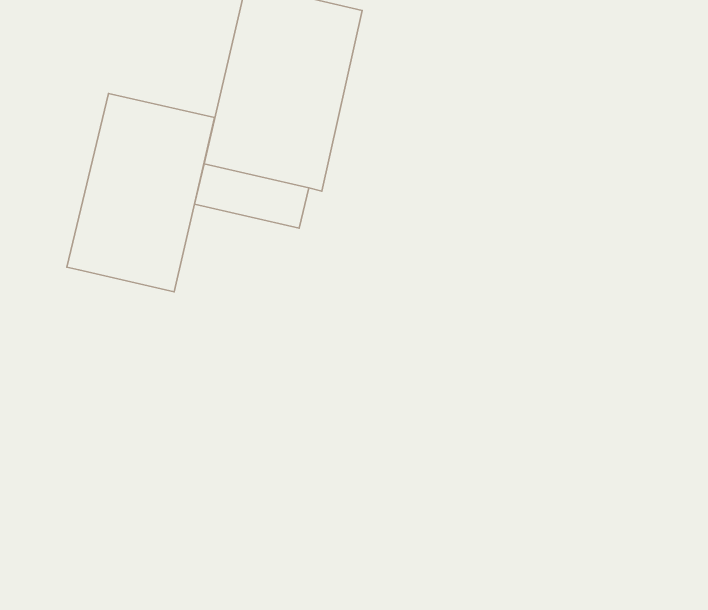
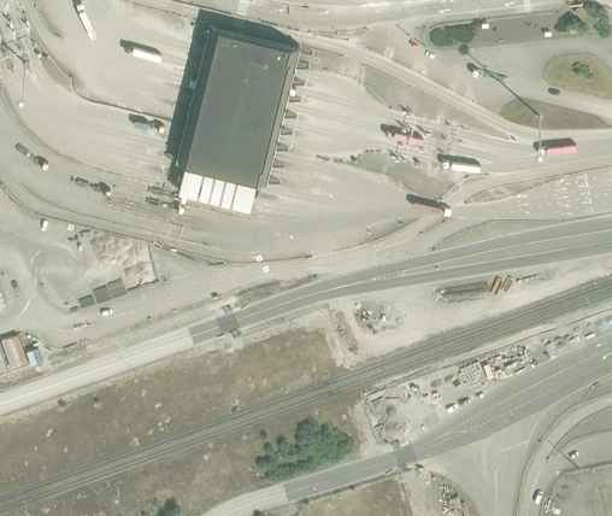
building: [67,93,214,292] -> none

